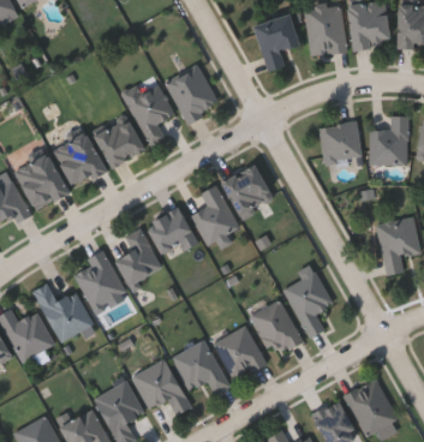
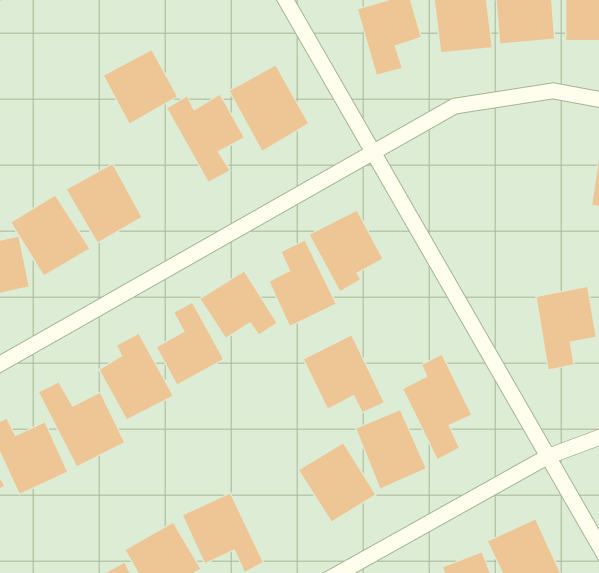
building: [92,117,144,168] -> [103,50,178,124]
building: [370,117,408,165] -> none
building: [320,121,362,162] -> none
building: [172,340,228,394] -> [303,335,385,413]

